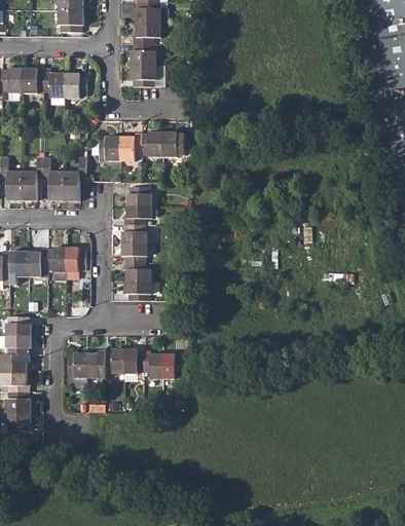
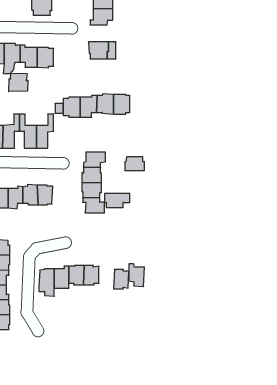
building: [130,43,155,65] -> none
building: none -> [9,73,28,92]
building: [126,187,151,204] -> [125,157,144,171]
building: [125,281,157,299] -> [105,194,130,207]
building: [143,349,162,378] -> [129,264,144,287]

